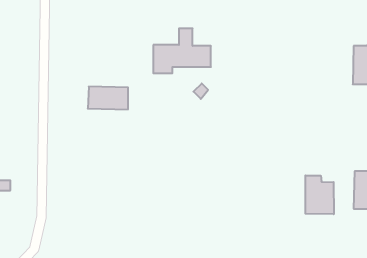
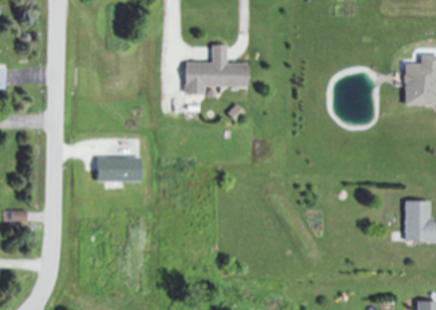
building: [88,87,128,109] -> [96,158,141,183]
building: [305,175,334,214] -> none

